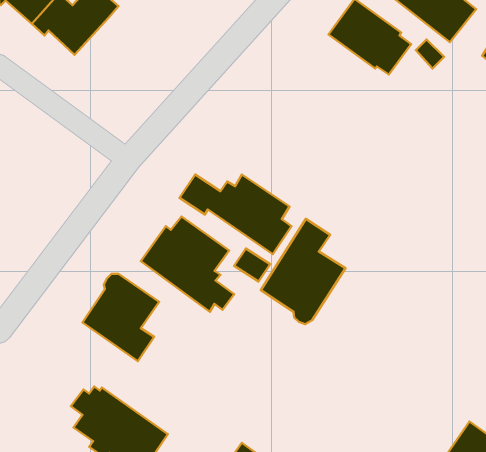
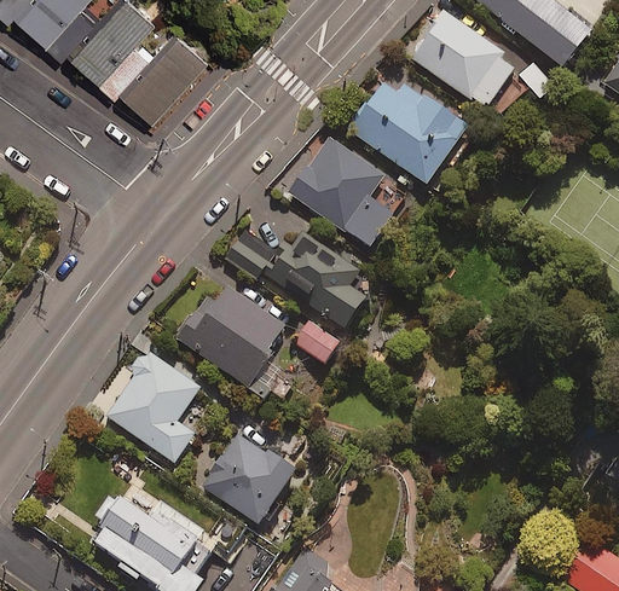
building: none -> [96,29,202,117]
building: none -> [349,71,467,184]
building: none -> [291,138,393,247]
building: [261,219,346,324] -> none
building: none -> [202,433,294,523]

